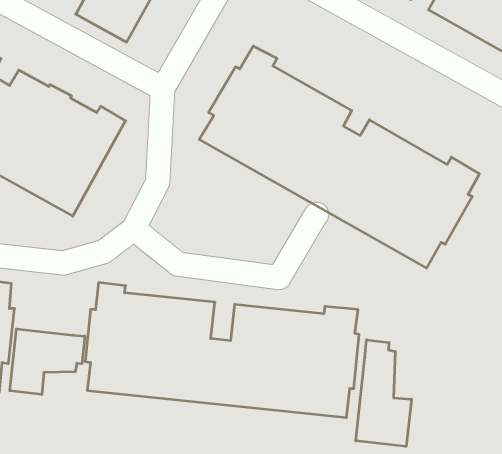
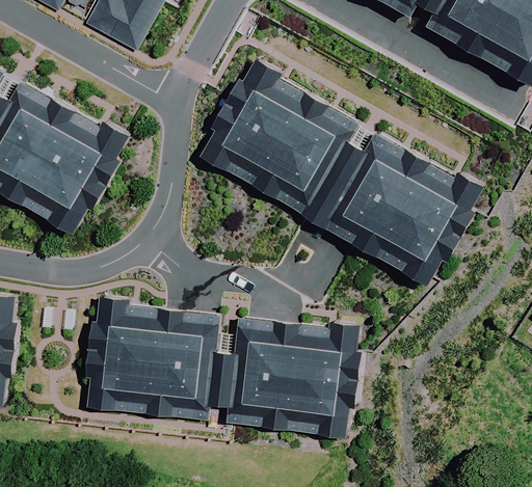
building: [10,329,85,395] -> none
building: [356,340,411,446] -> none

